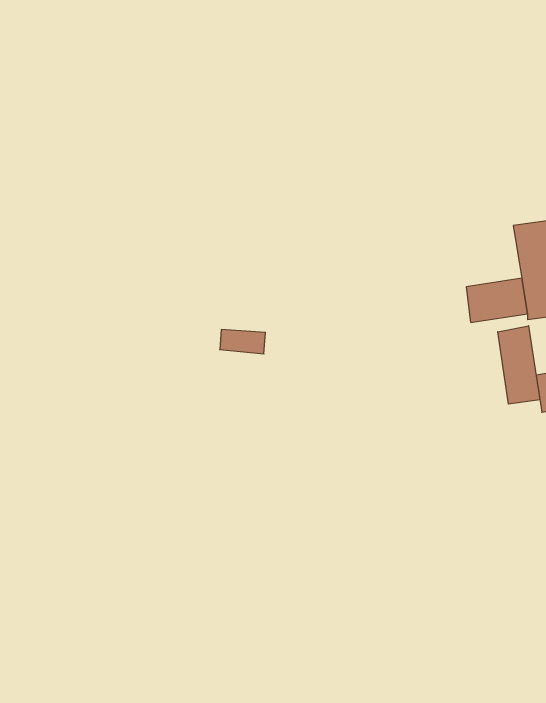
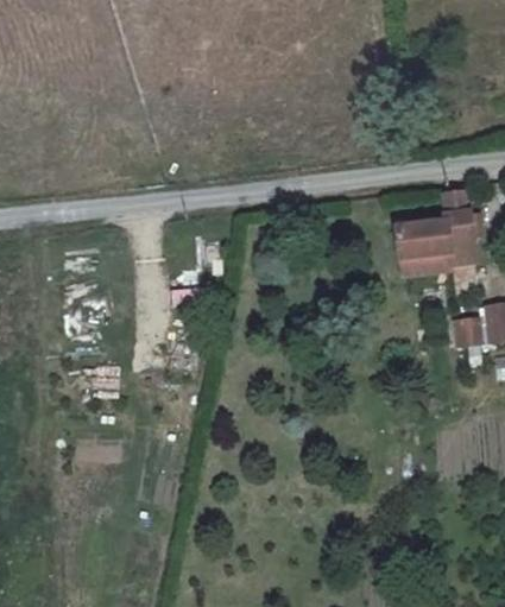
building: [498,326,540,404] -> none

